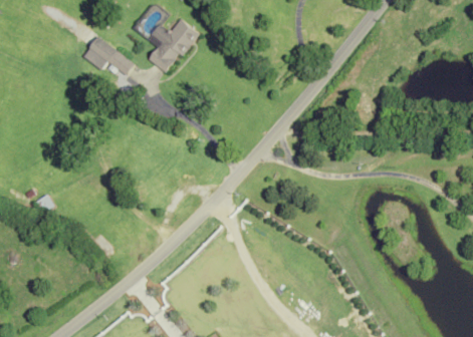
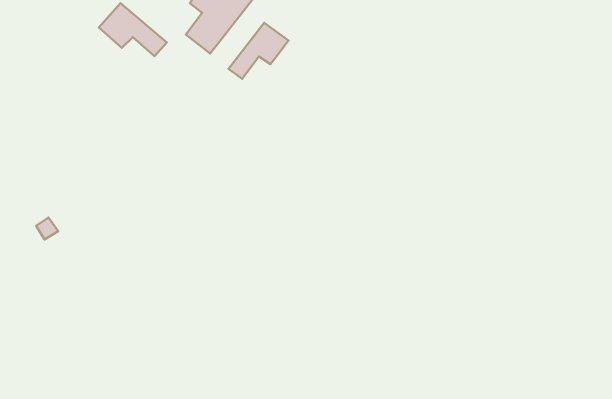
building: none -> [228,23,288,79]

